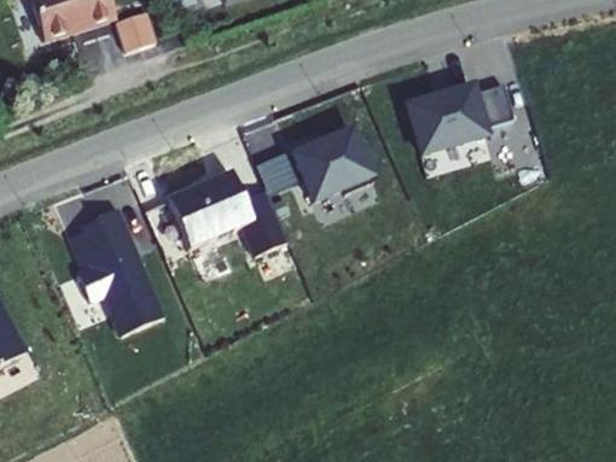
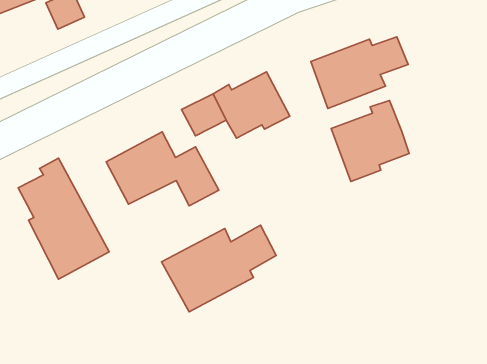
building: none -> [331,100,409,182]
building: none -> [161,225,276,312]

